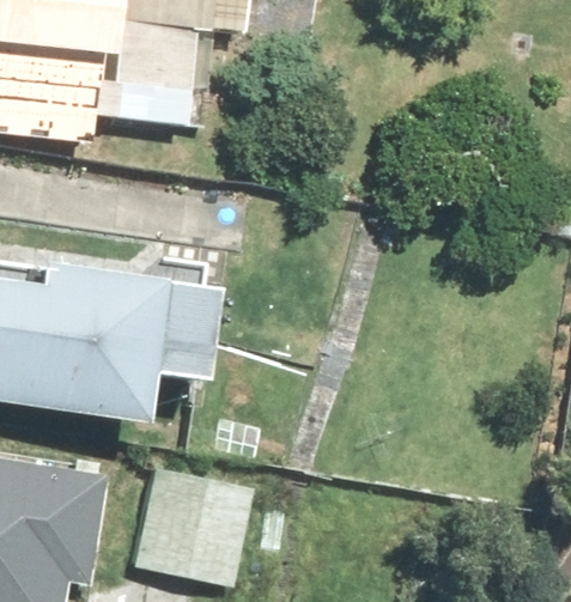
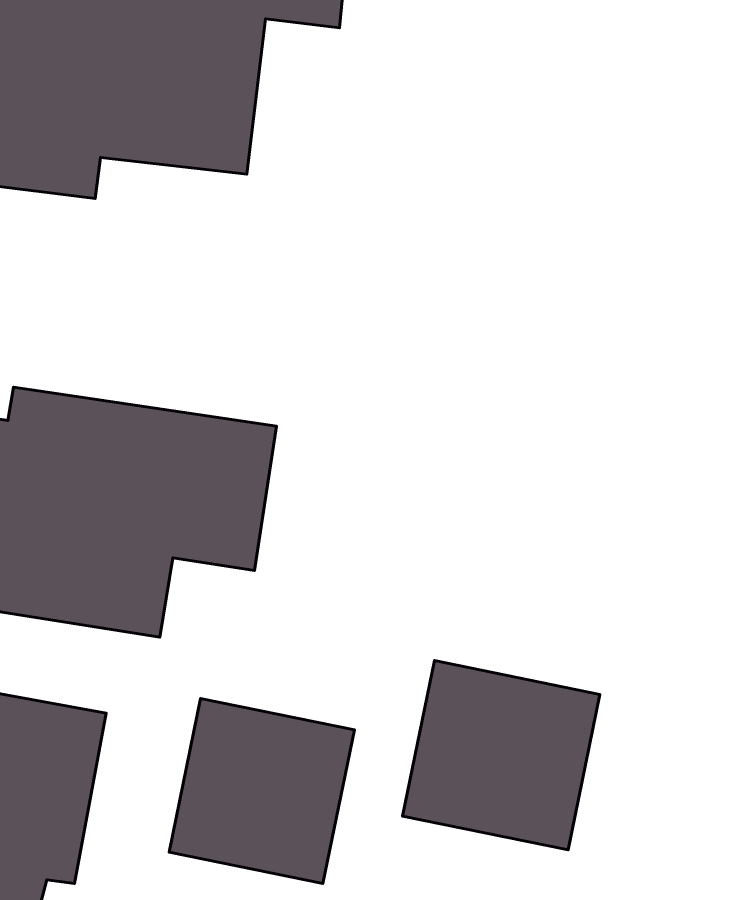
building: none -> [403,661,600,850]

